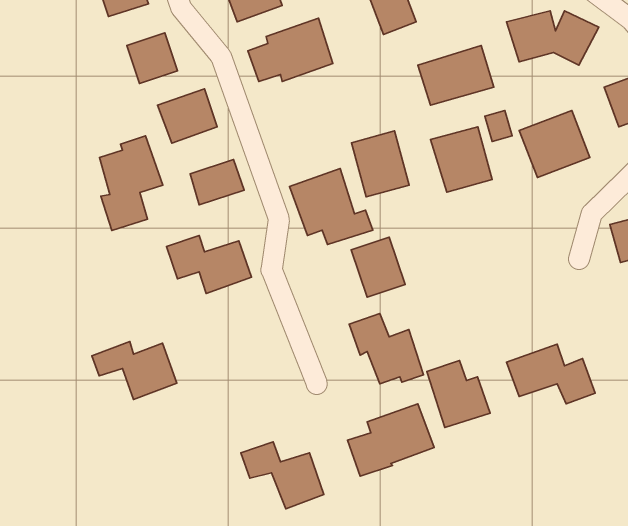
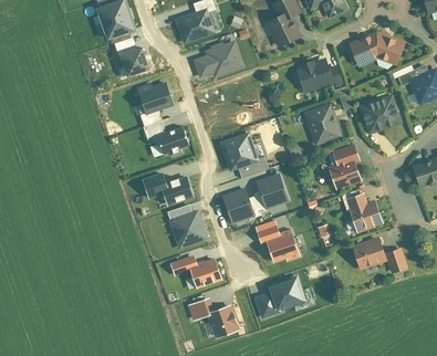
building: [351,131,409,197] -> none
building: [99,136,163,230] -> none
building: none -> [329,147,361,190]
building: none -> [220,186,254,222]
building: none -> [170,210,205,242]
building: [92,341,177,399] -> [169,253,221,289]
building: [427,361,490,428] -> [345,192,384,233]

